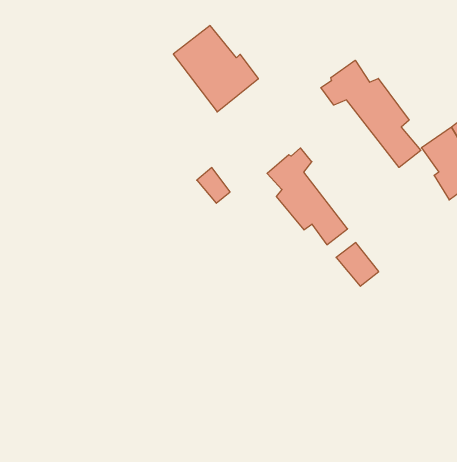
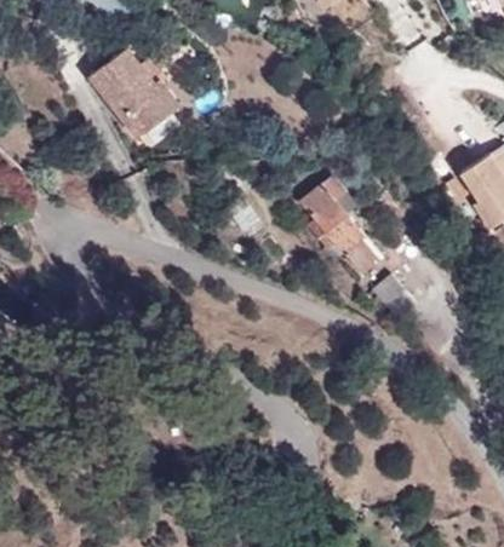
building: [173,26,258,112] -> [90,48,179,139]
building: [321,60,421,167] -> none

